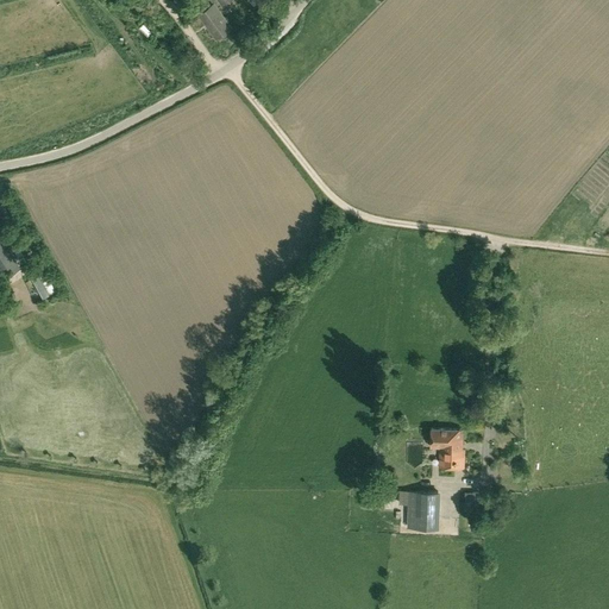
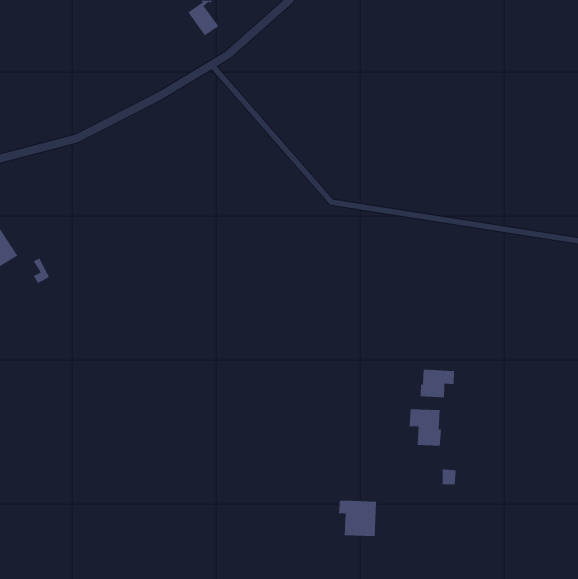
building: none -> [420,369,455,398]
building: [398,491,439,529] -> [338,500,377,537]

